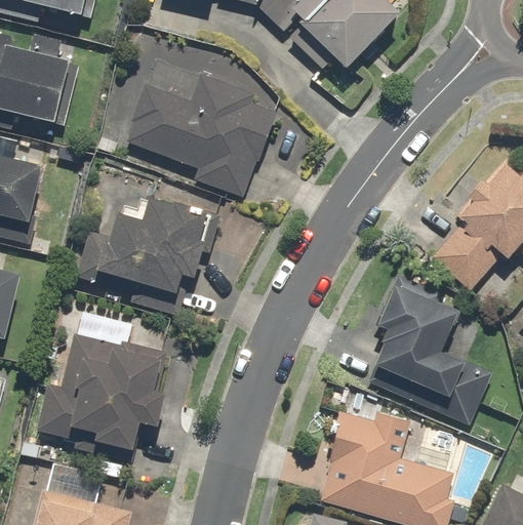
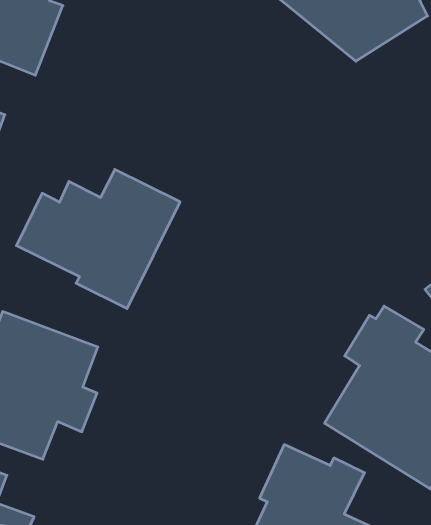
building: [125,73,276,194] -> none

